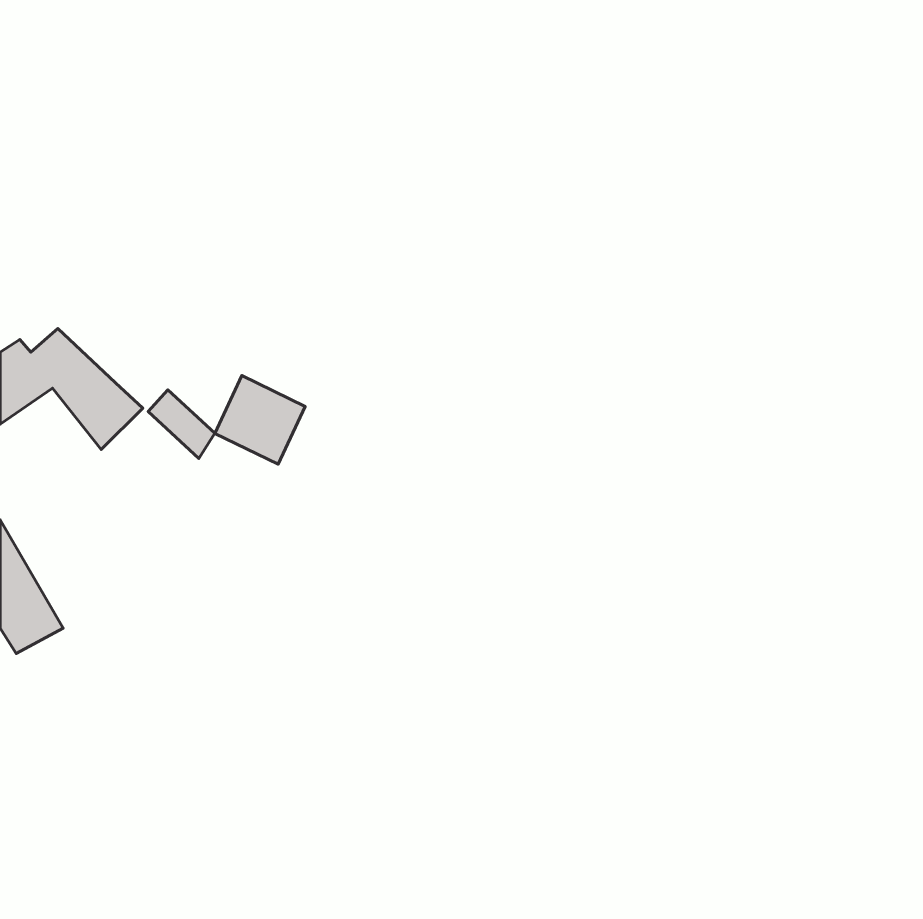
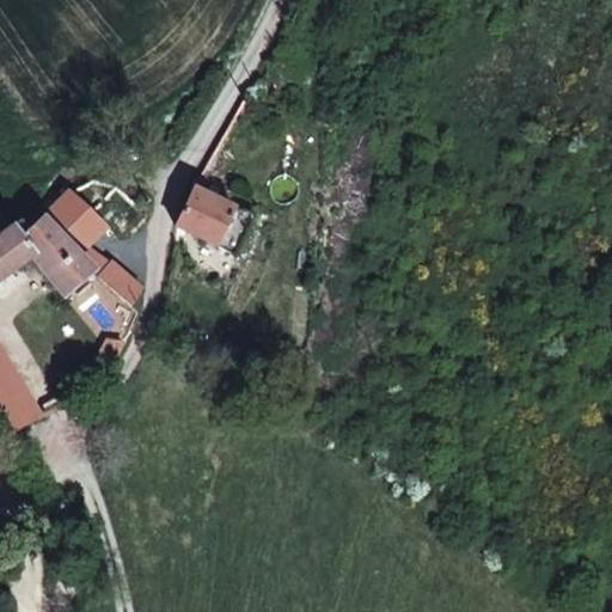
building: none -> [38,188,106,253]
building: [215,376,305,464] -> [175,186,234,245]

